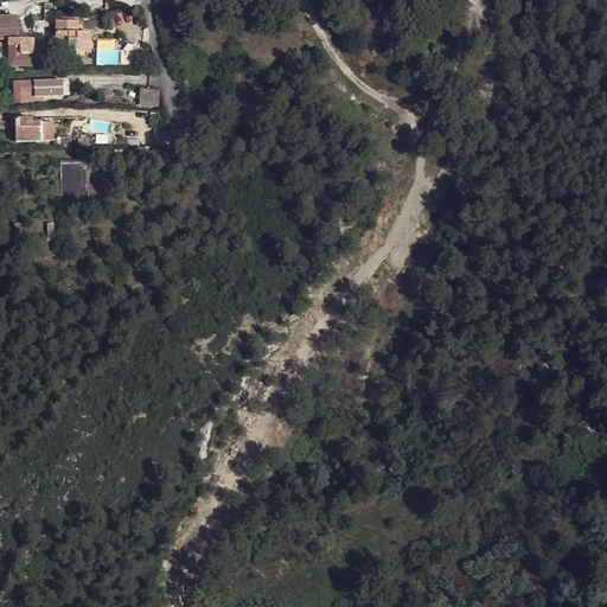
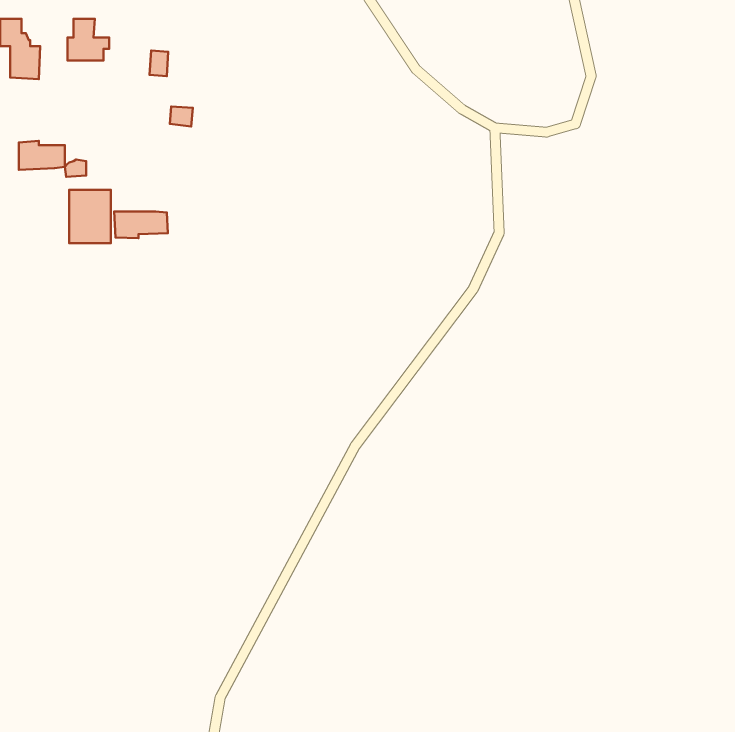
building: [9,78,63,101] -> none
building: none -> [114,212,168,238]

